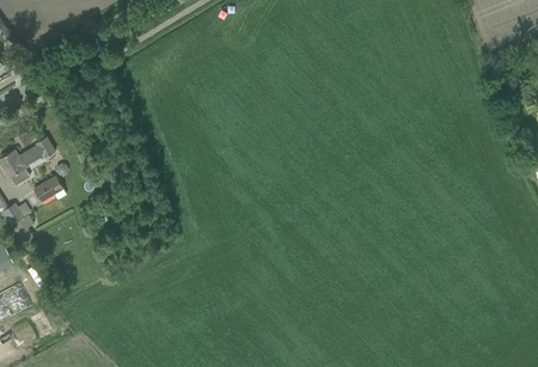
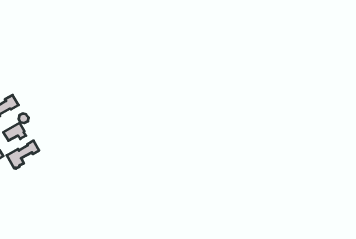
building: none -> [7,141,39,169]

